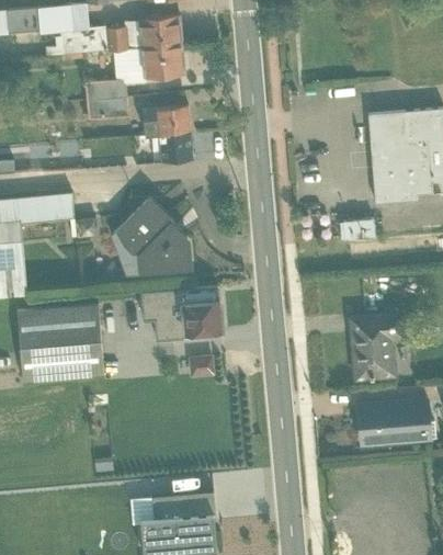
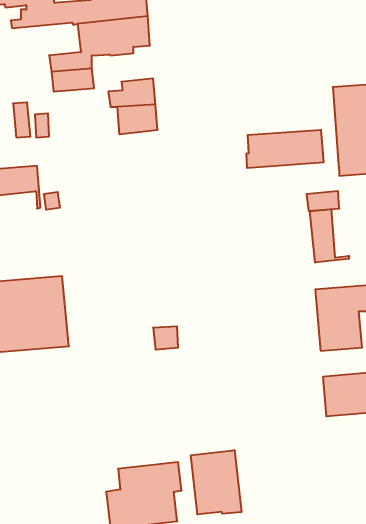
building: none -> [247,130,324,168]
building: [111,199,188,274] -> none
building: none -> [310,209,349,263]
building: [141,290,222,339] -> none
building: none -> [191,450,242,515]

